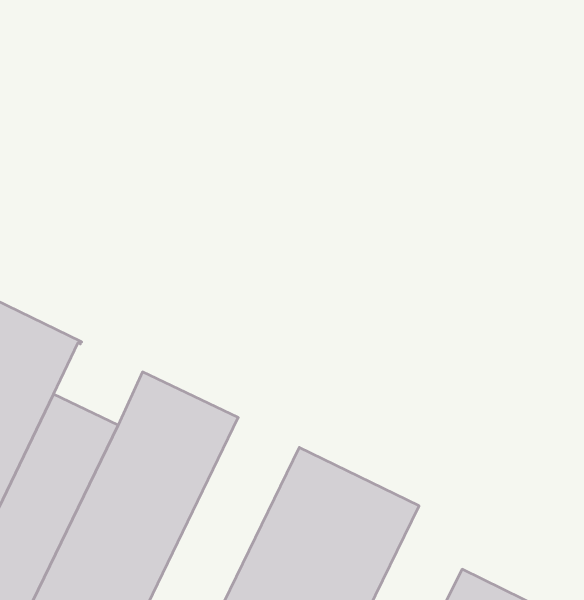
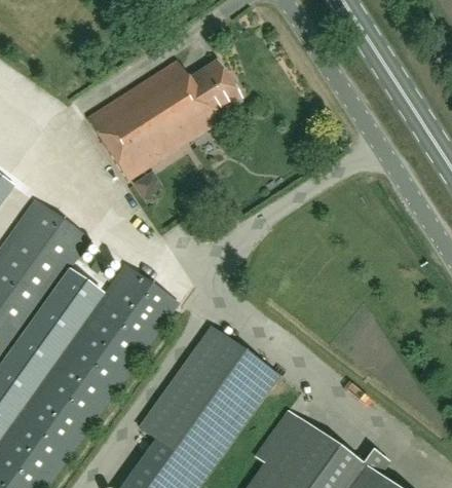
building: none -> [86,60,239,180]

